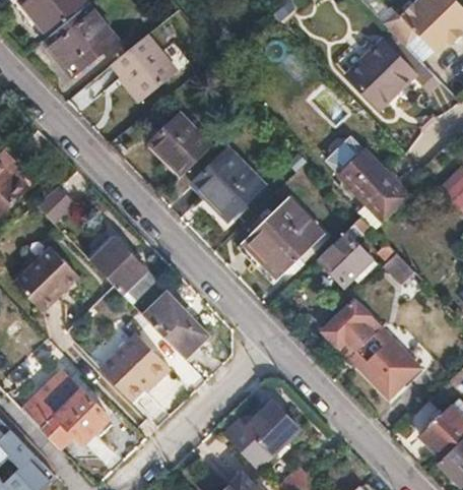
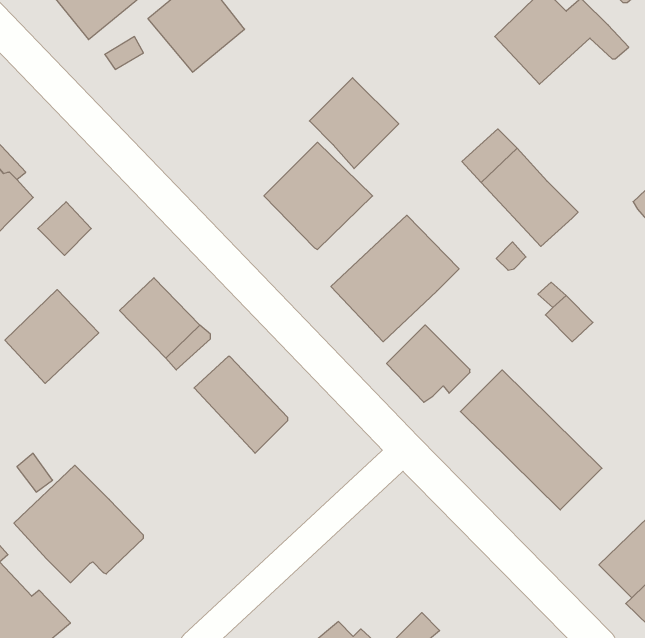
building: [150,113,211,175] -> [309,78,399,169]
building: [318,231,375,284] -> [387,325,470,402]
building: [103,332,171,399] -> none
building: [222,401,301,469] -> none

